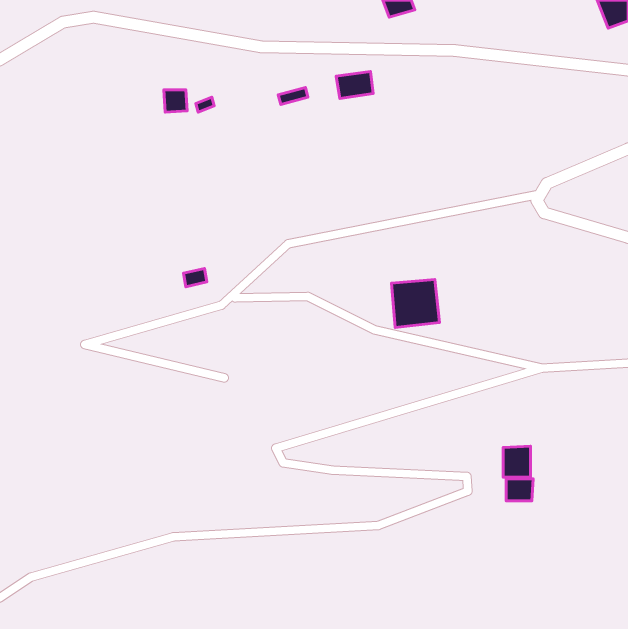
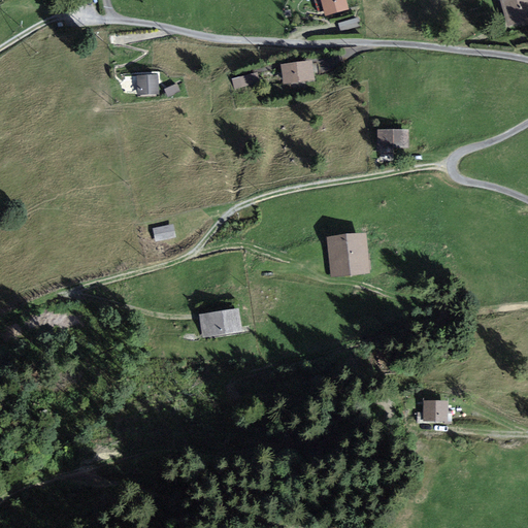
building: none -> [378,130,406,146]
building: none -> [200,310,238,335]
building: [503,446,531,477] -> none

